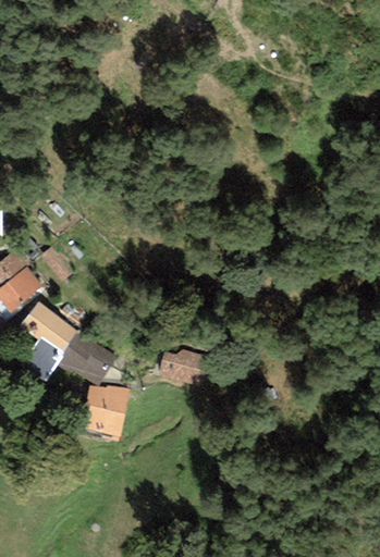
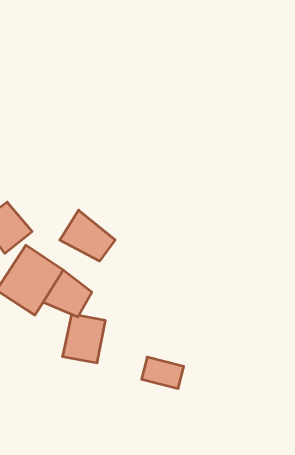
building: none -> [60,210,115,261]
building: [158,348,208,385] -> [142,357,184,388]

